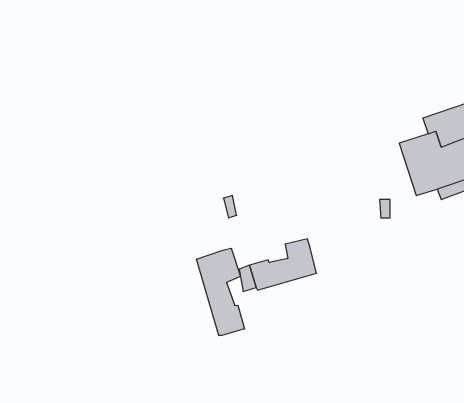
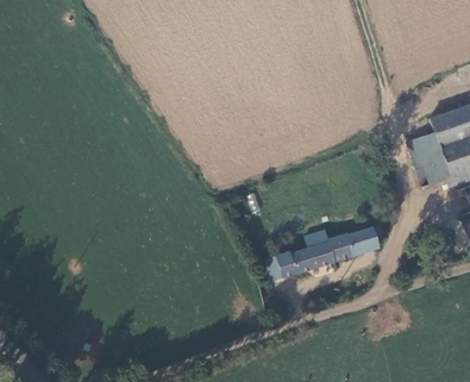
building: none -> [326,227,381,263]
building: [197,248,245,336] -> none

